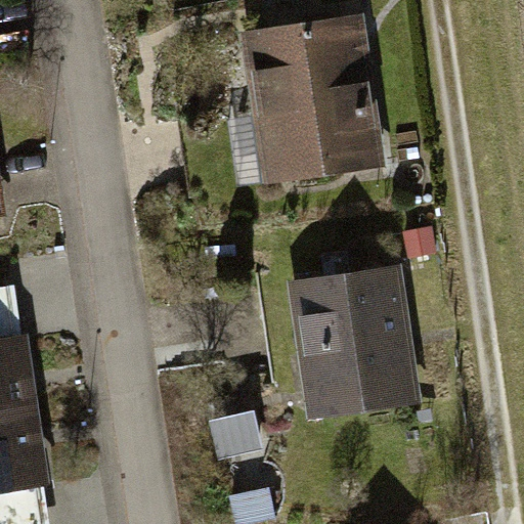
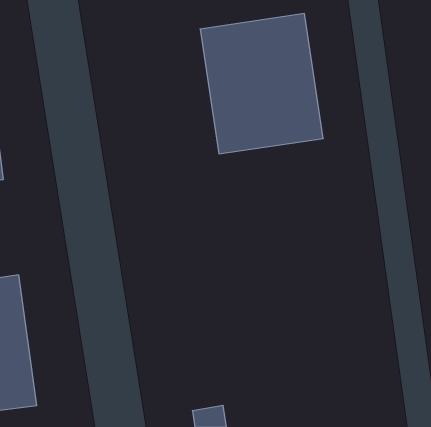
building: [288,266,421,416] -> none

